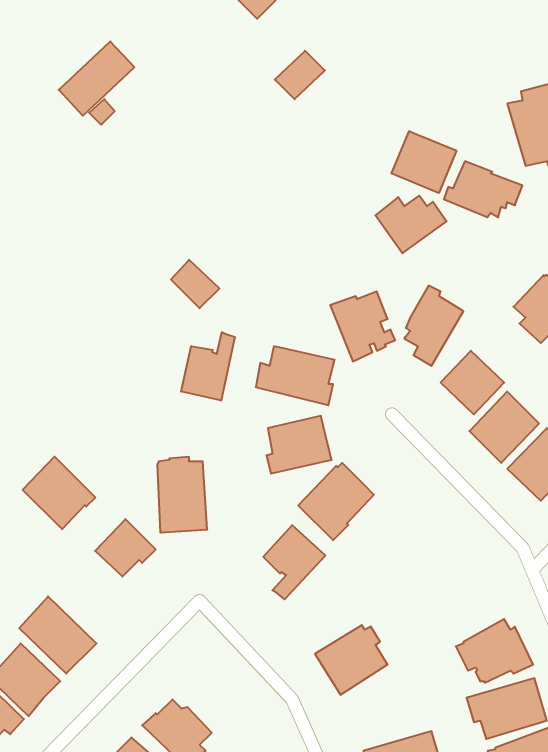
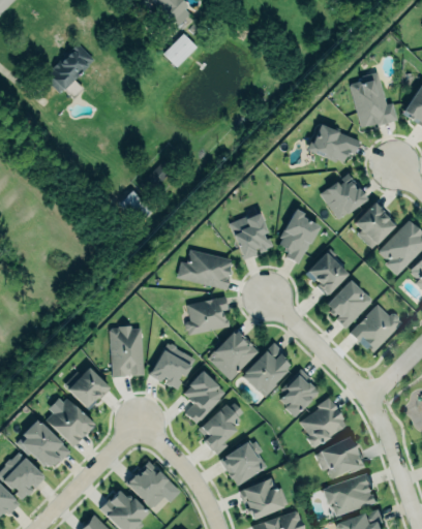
building: [275,51,325,99] -> [162,35,197,68]
building: [392,131,456,193] -> none
building: [375,196,447,253] -> [321,181,369,220]
building: [181,332,235,401] -> none
building: [23,457,95,529] -> [47,398,96,447]
building: none -> [243,341,290,397]
building: none -> [149,343,195,388]
building: none -> [277,372,320,418]
building: none -> [300,398,346,448]
building: none -> [199,403,244,455]
building: none -> [126,461,174,508]
building: none -> [243,478,289,518]

